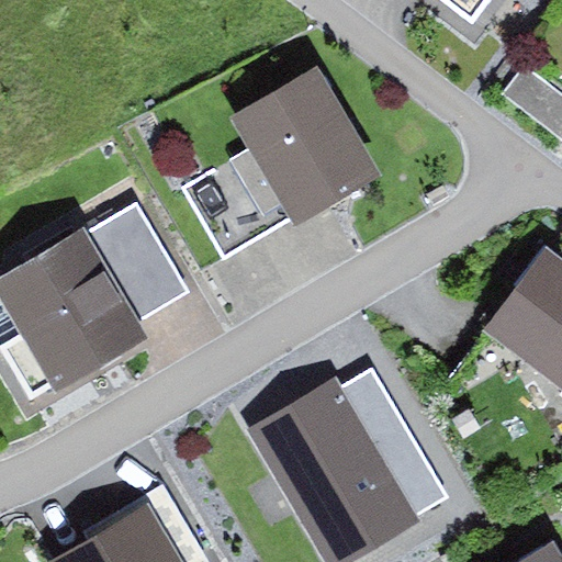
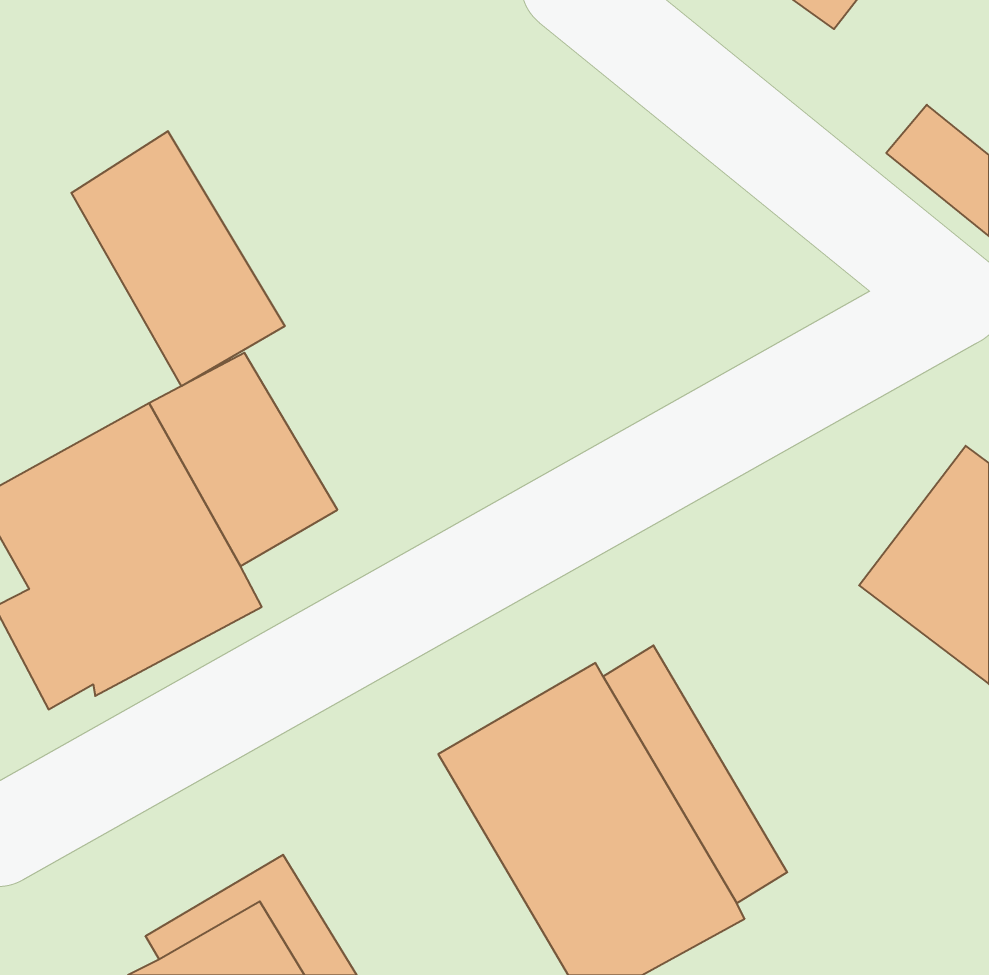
building: [229,72,380,234] -> none
building: none -> [71,131,285,386]

